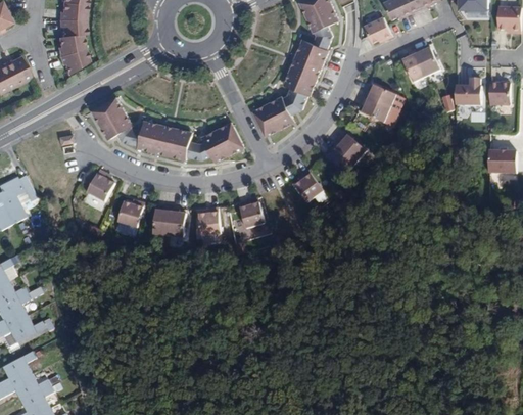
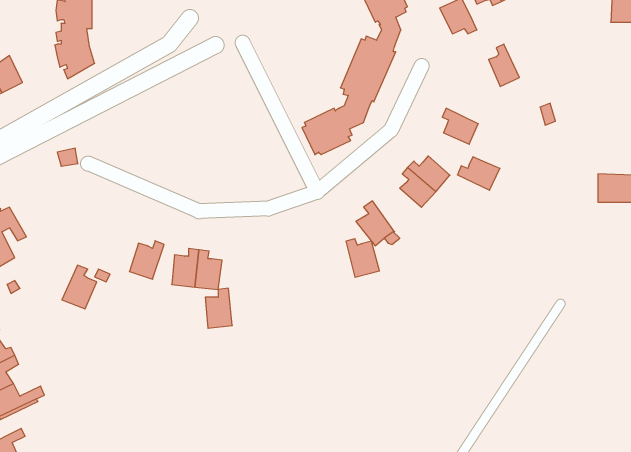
building: [413,44,441,74] -> none
building: [455,79,481,105] -> none
building: [488,82,509,104] -> none
building: [367,84,400,110] -> [457,157,500,190]
building: [93,98,242,162] -> none
building: [85,171,112,205] -> [62,265,97,309]
building: [240,203,267,234] -> [346,239,379,277]
building: [199,214,221,245] -> [205,288,232,328]

